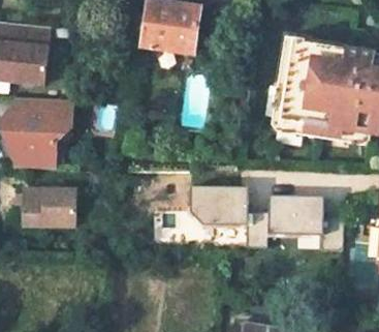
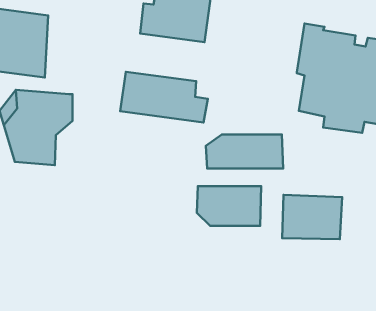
building: none -> [120,72,208,123]
building: none -> [206,134,283,168]
building: [24,189,74,225] -> none

